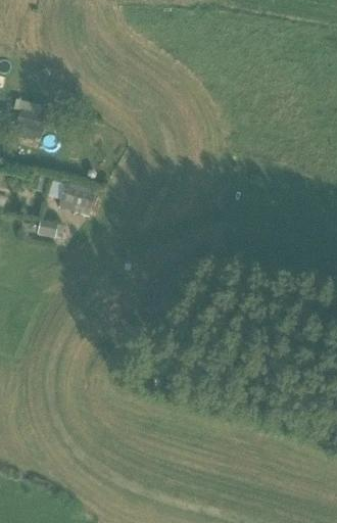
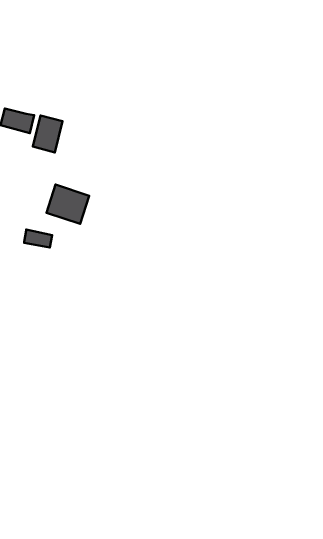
building: none -> [33,115,63,152]

